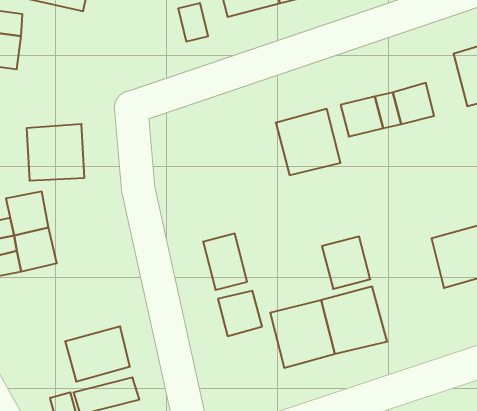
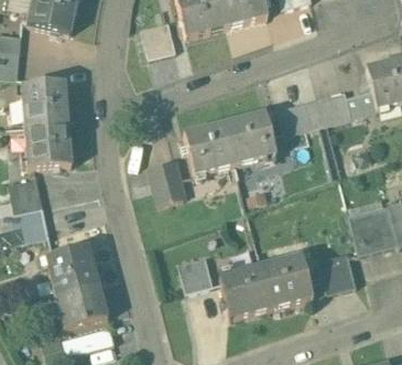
building: none -> [22,80,69,126]
building: none -> [184,121,236,174]
building: [203,234,247,290] -> [150,159,185,204]
building: [322,237,370,289] -> [318,251,357,293]
building: none -> [45,244,100,297]

